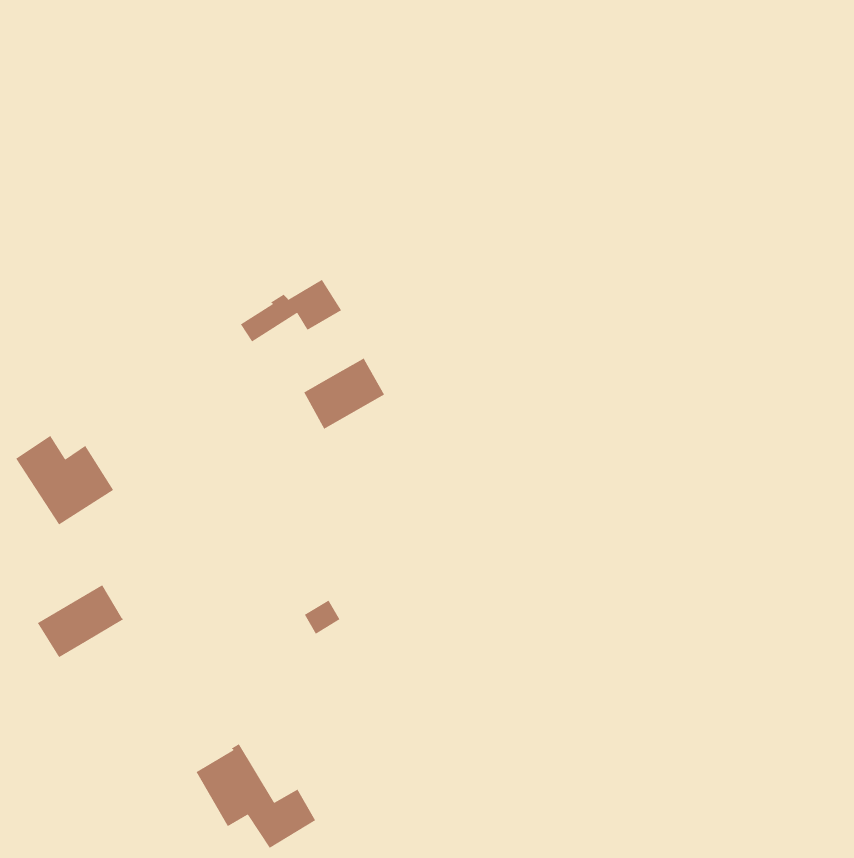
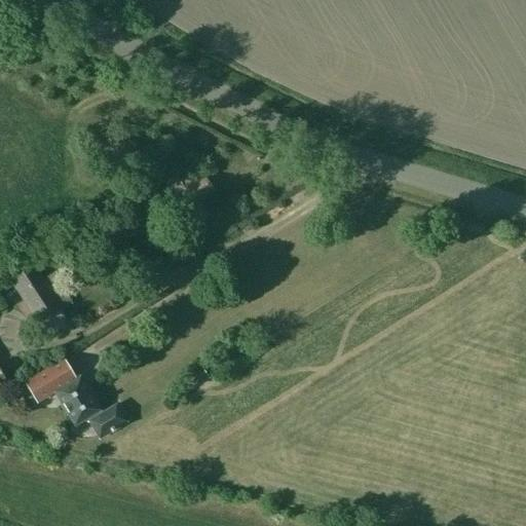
building: [303,357,385,430] -> none
building: [196,743,316,849] -> [55,375,129,440]

